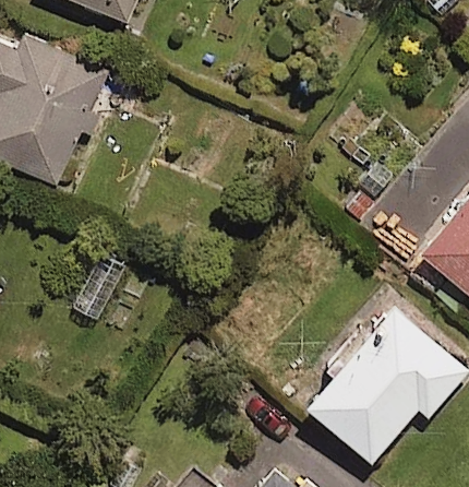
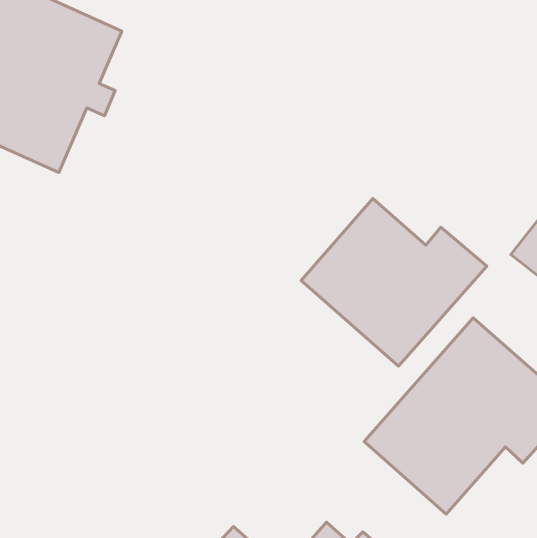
building: none -> [301,199,487,366]

